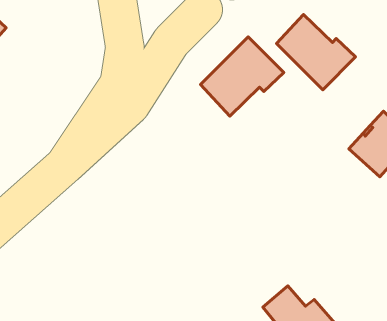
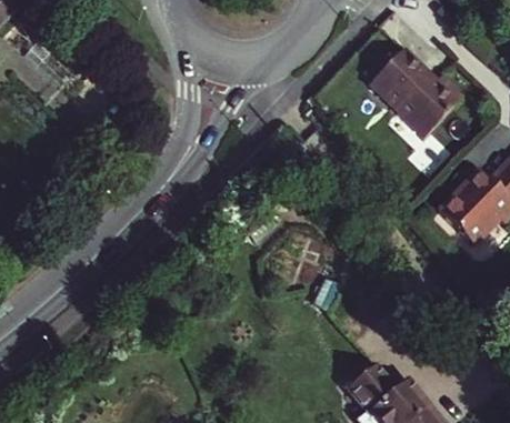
building: [200,37,284,116] -> none

